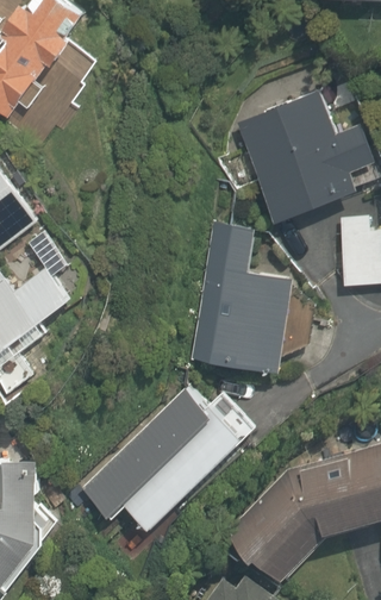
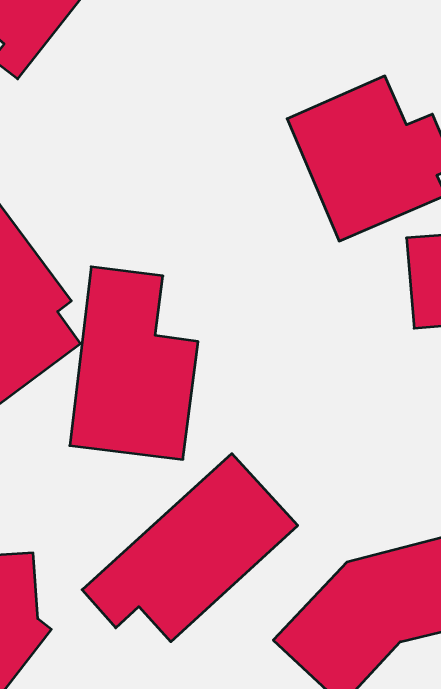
building: [188,219,288,369] -> [70,267,198,459]

